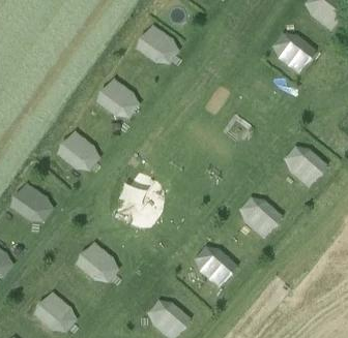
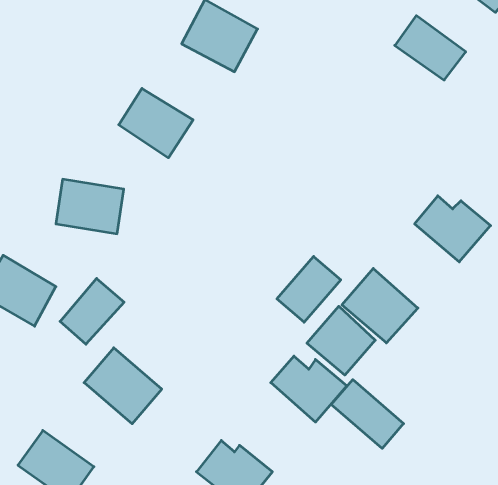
building: none -> [277,256,341,322]
building: none -> [60,278,124,344]
building: none -> [307,306,375,375]
building: none -> [331,380,404,448]

